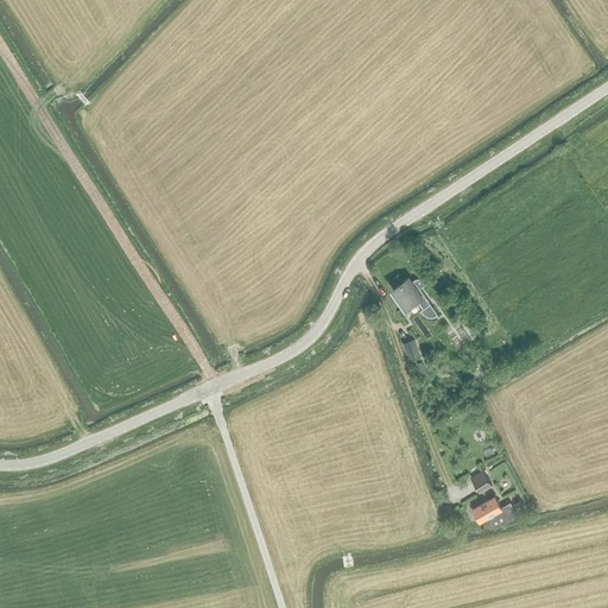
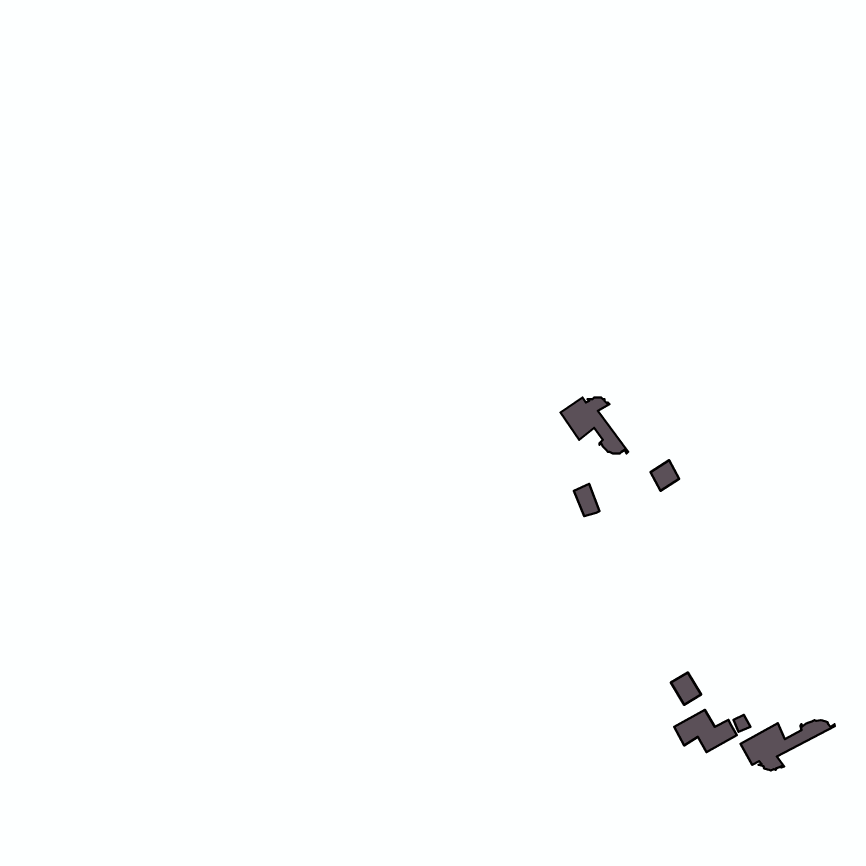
building: none -> [741,720,835,770]

